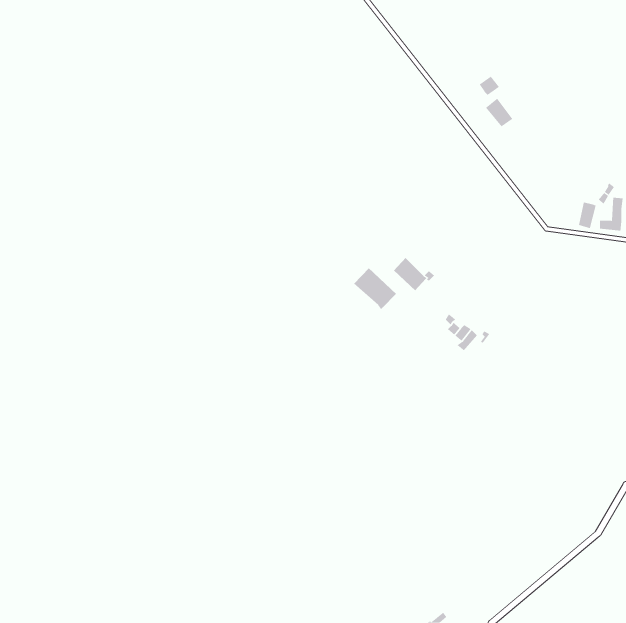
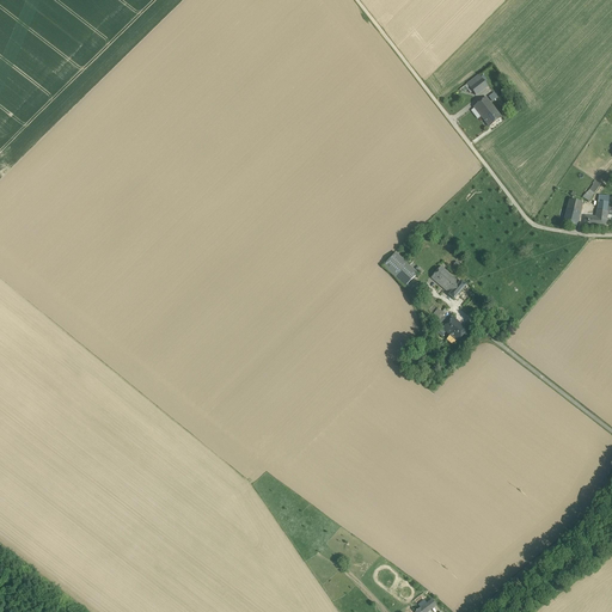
building: [353,268,397,310] -> none
building: none -> [430,264,465,299]

